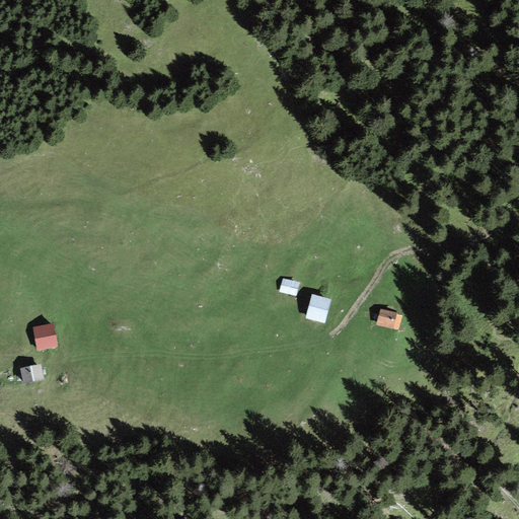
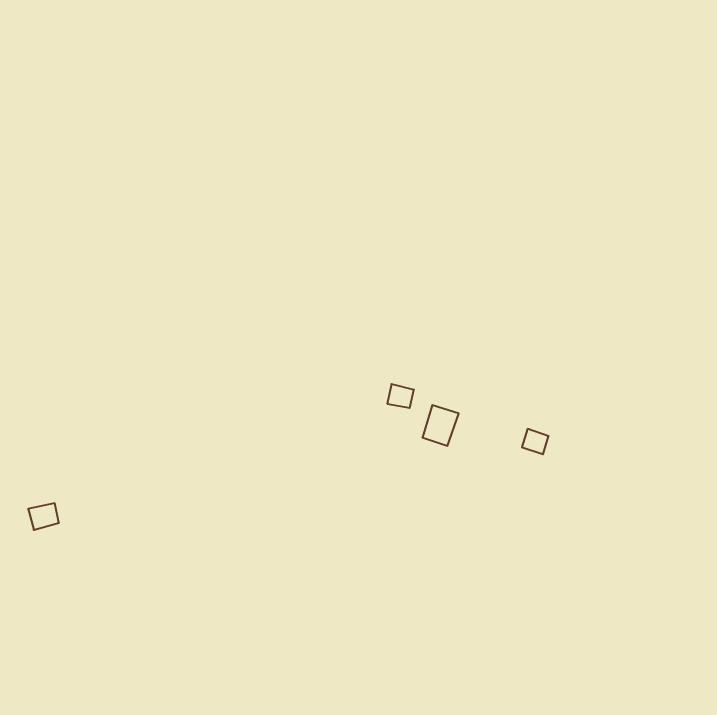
building: [33,321,57,350] -> none

